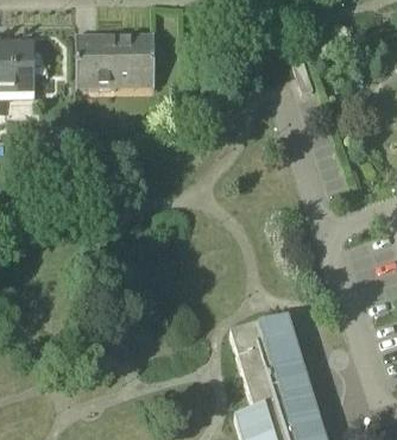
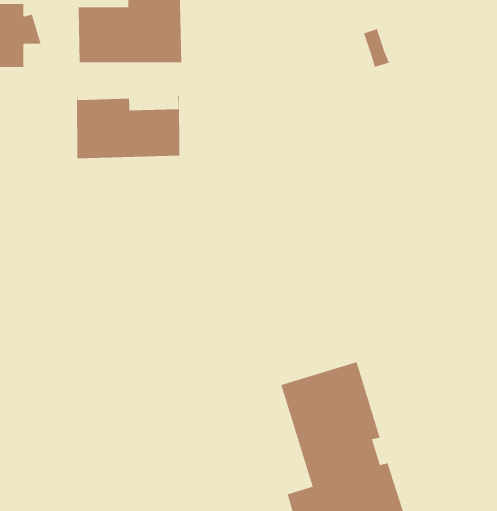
building: none -> [76,95,180,159]

